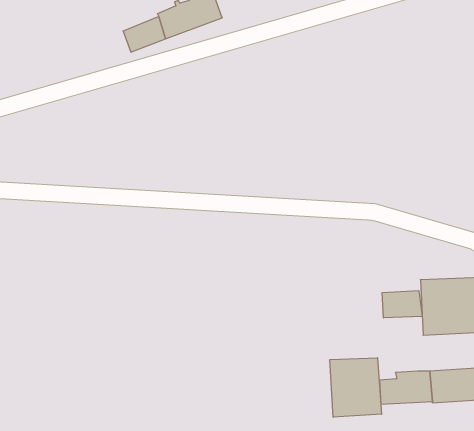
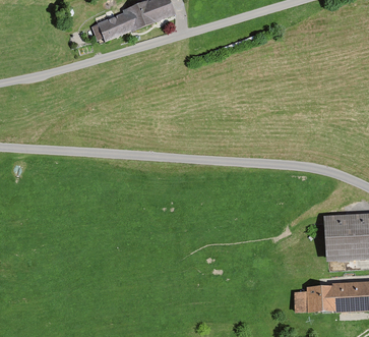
building: [382,291,422,318] -> none
building: [330,358,382,417] -> none

